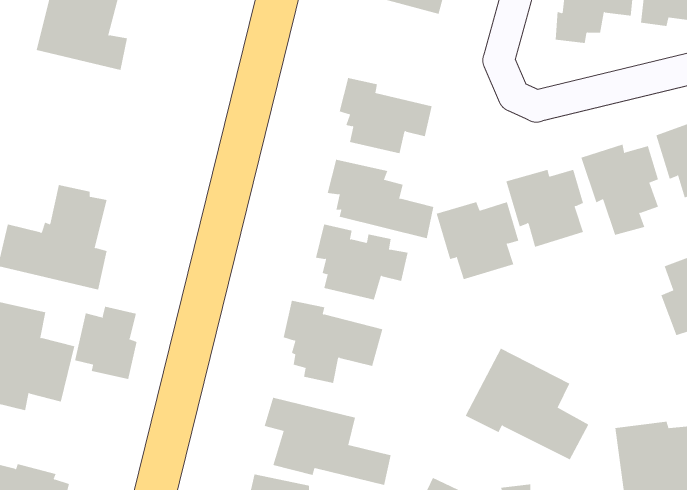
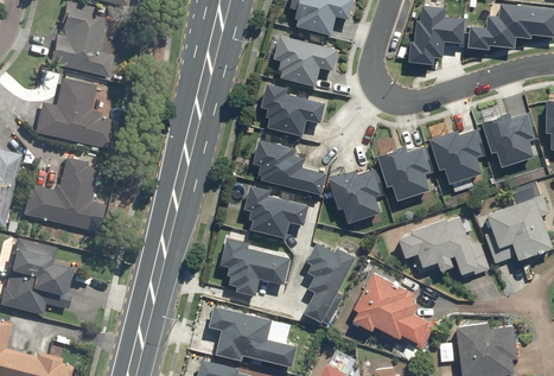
building: none -> [274,36,338,87]
building: none -> [33,78,114,149]
building: none -> [397,217,491,279]
building: none -> [303,242,356,323]
building: [74,306,137,380] -> none

